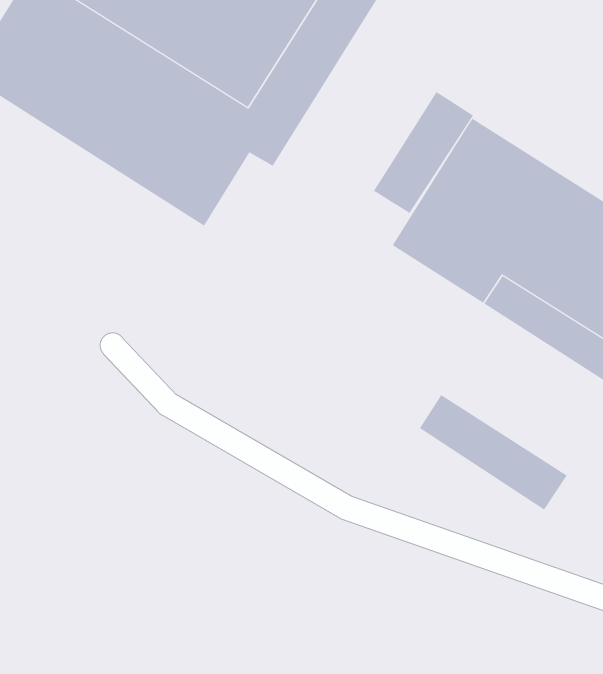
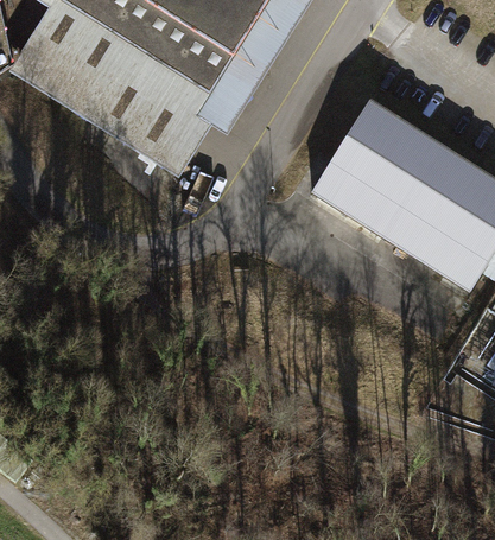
building: [373,91,474,214] -> none
building: [419,394,568,511] -> none

